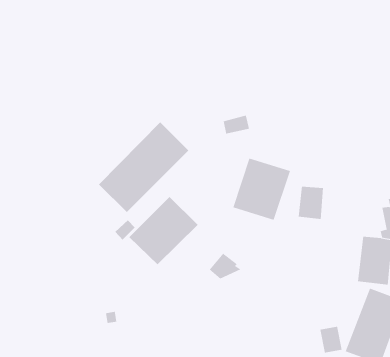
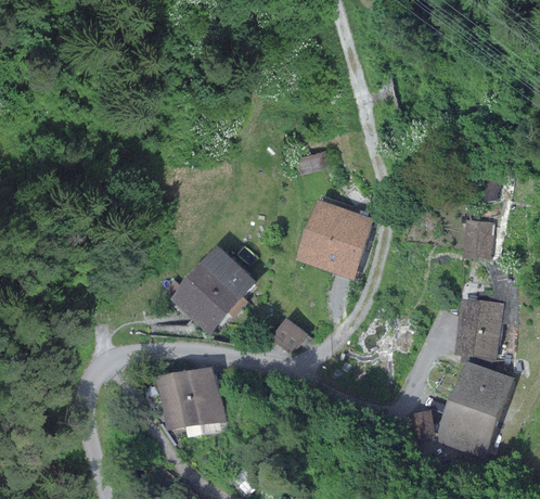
building: [98,121,189,213] -> none
building: [298,186,324,219] -> [458,217,490,258]
building: none -> [157,367,222,428]

